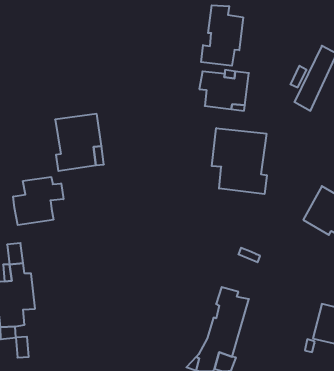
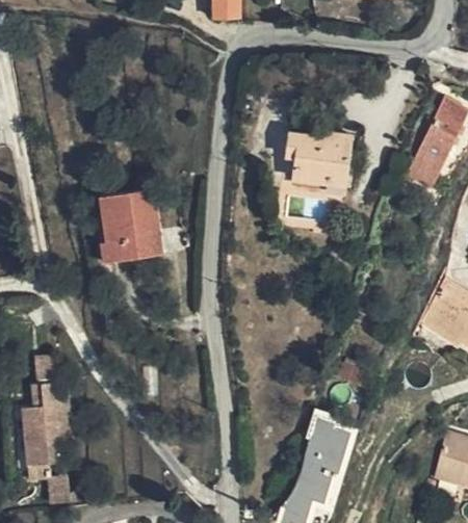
building: [201,5,243,66] -> none
building: [212,128,267,194] -> none
building: [13,177,63,225] -> none

